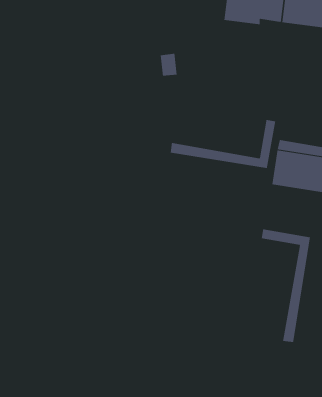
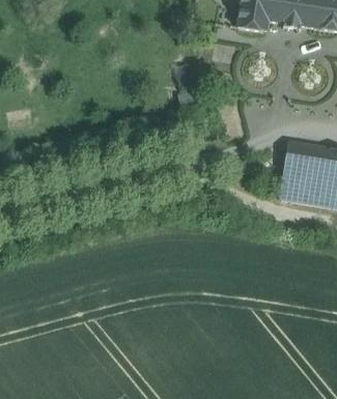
building: [170,119,276,169] -> none
building: [261,228,310,343] -> none

